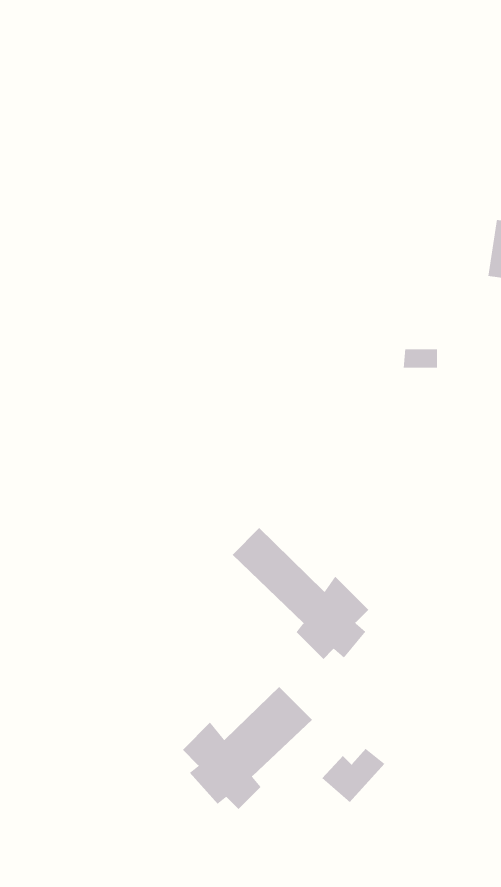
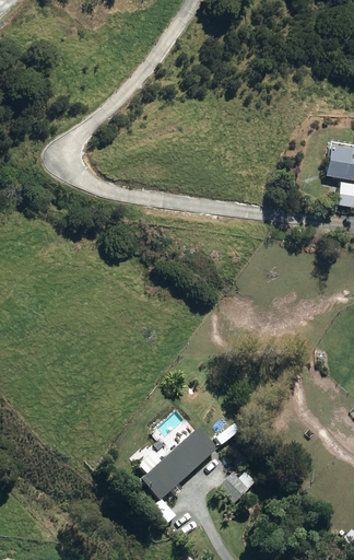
building: [232,527,369,660] -> none

